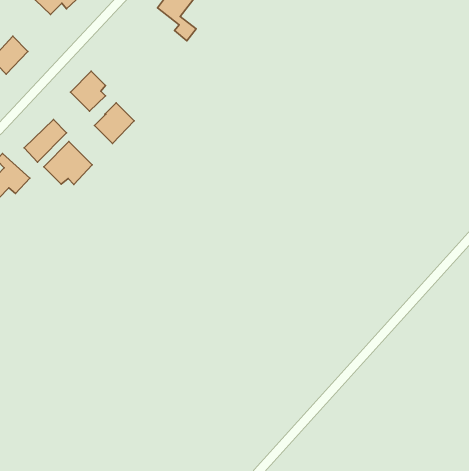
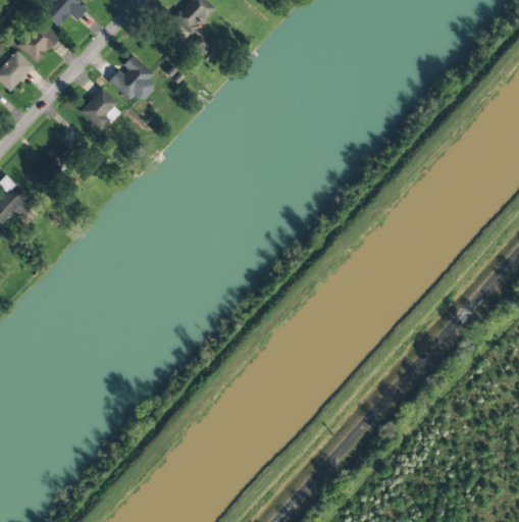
building: none -> [18,22,59,62]
building: [95,103,134,144] -> [109,56,152,100]
building: [44,142,92,184] -> none

